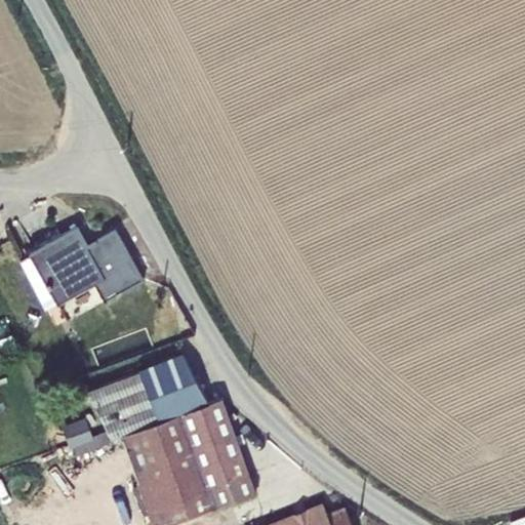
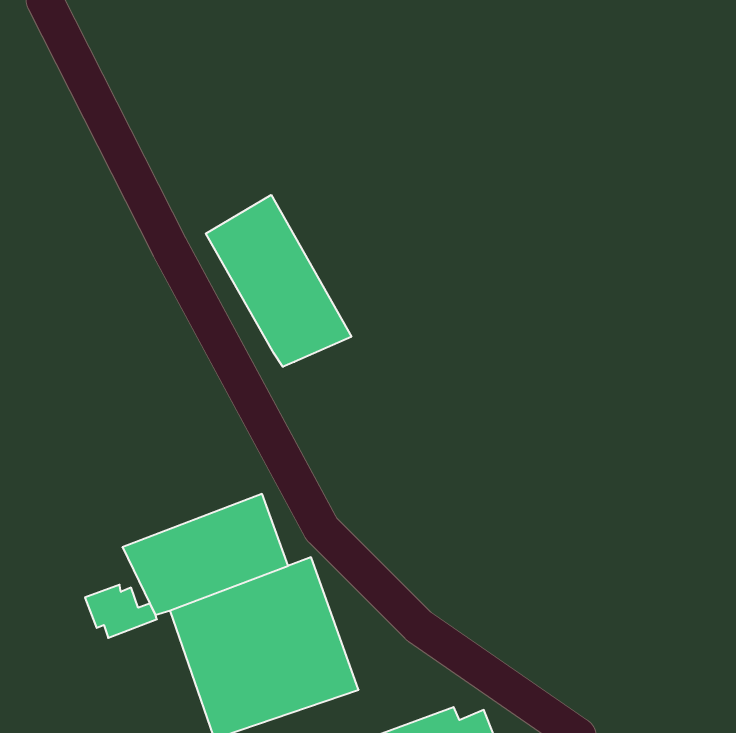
building: none -> [206,195,351,367]
building: [23,229,142,307] -> none

